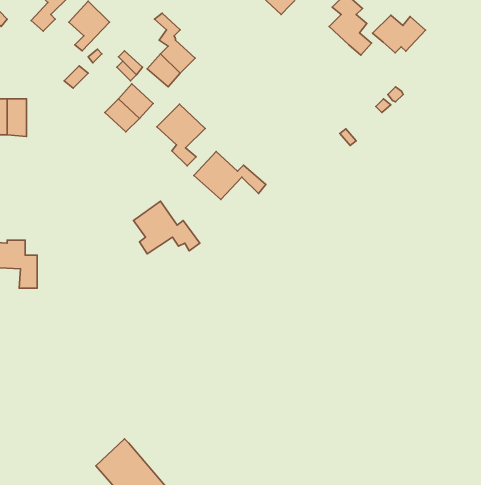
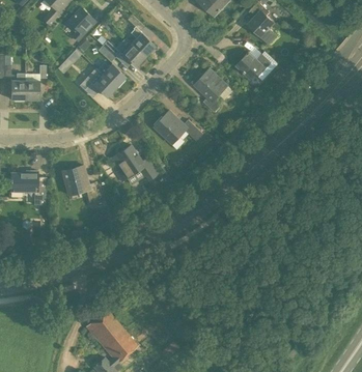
building: [373,15,425,53] -> [235,52,272,78]
building: [157,104,205,166] -> [194,68,227,111]
building: none -> [61,165,100,204]

